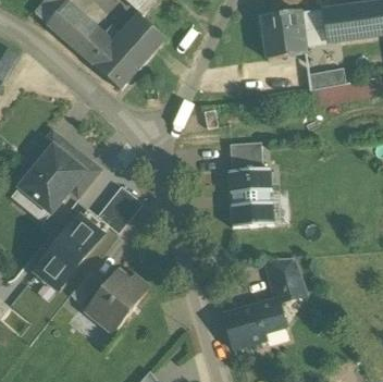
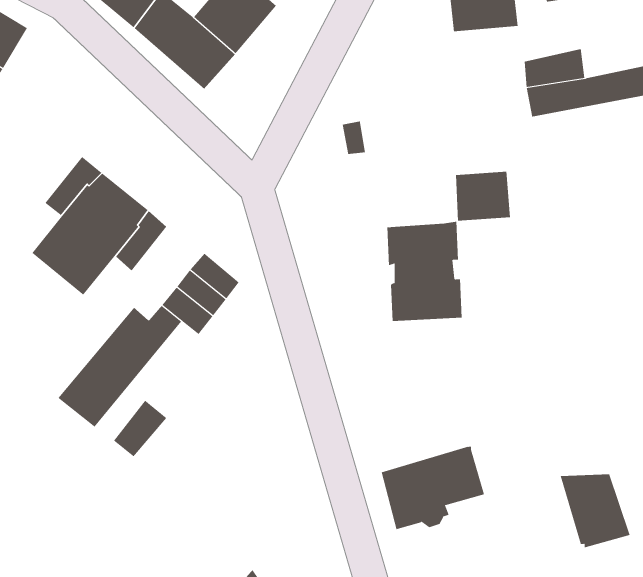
building: [230,141,262,171] -> [455,171,511,221]
building: [264,258,306,301] -> [560,474,630,548]
building: [86,274,147,332] -> none

